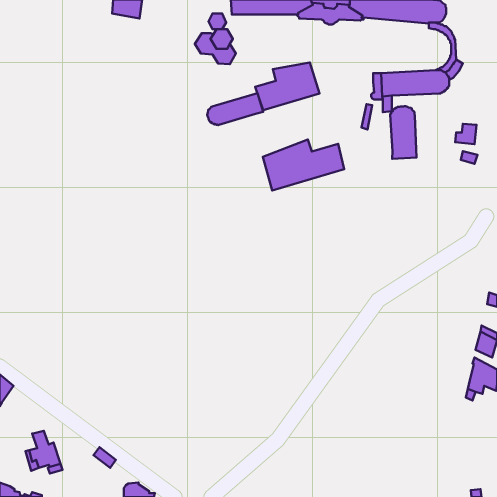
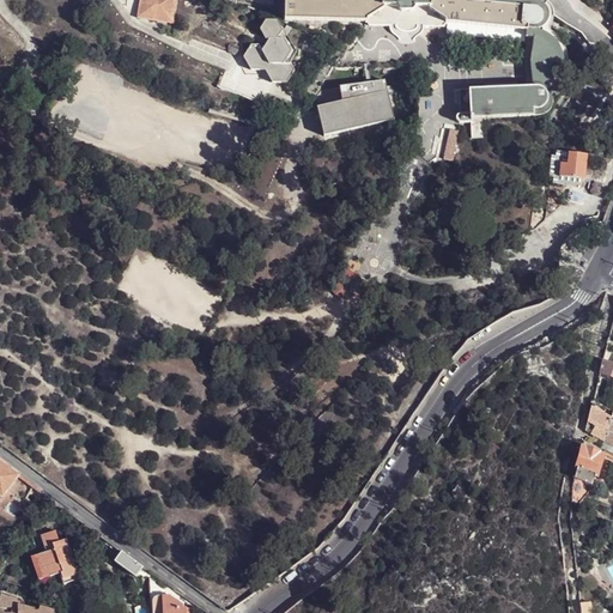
building: none -> [530,36,554,86]
building: [207,93,263,125] -> none
building: [390,106,417,159] -> none
building: [263,139,344,190] -> none

